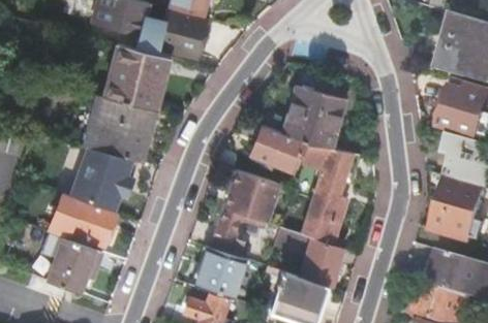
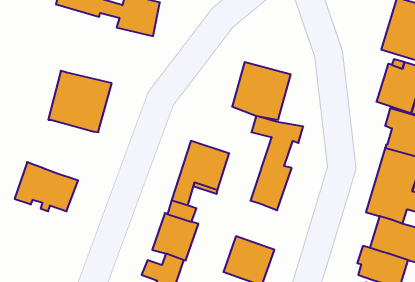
building: [103,43,167,108] -> none
building: [250,125,307,171] -> none
building: [69,147,133,211] -> none
building: [274,226,343,285] -> none
building: [47,236,101,291] -> none

